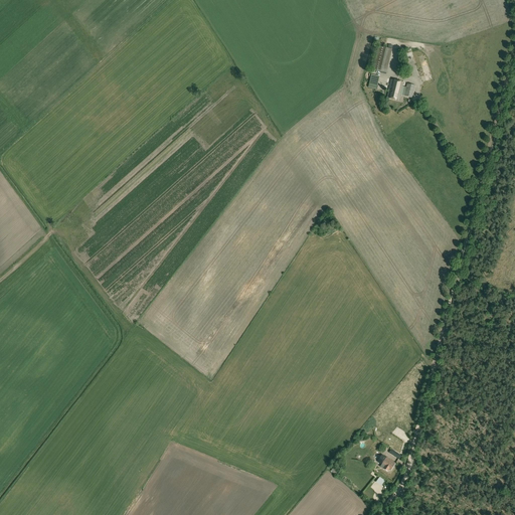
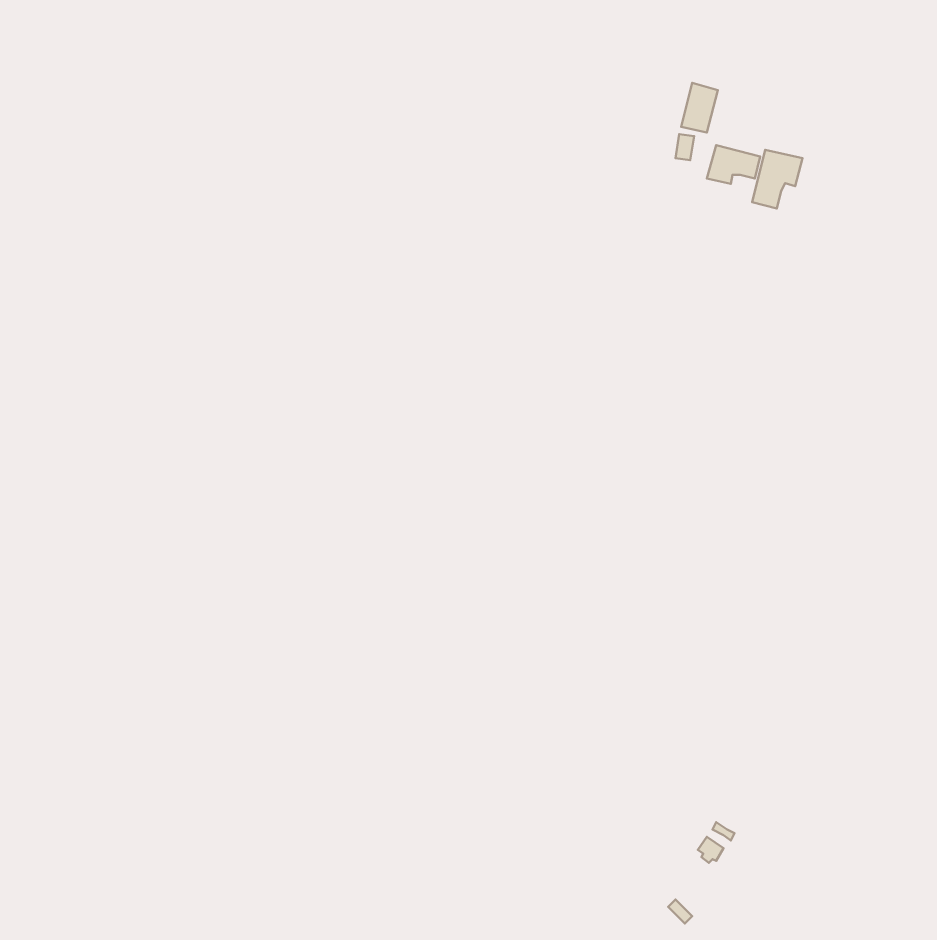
building: none -> [752,150,803,208]

